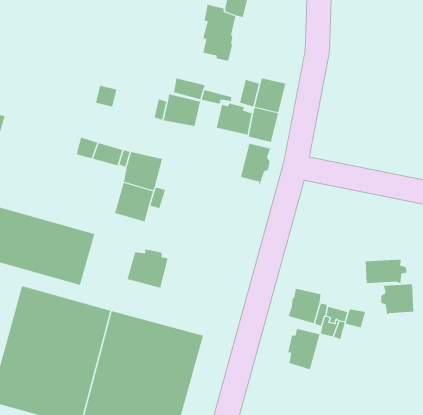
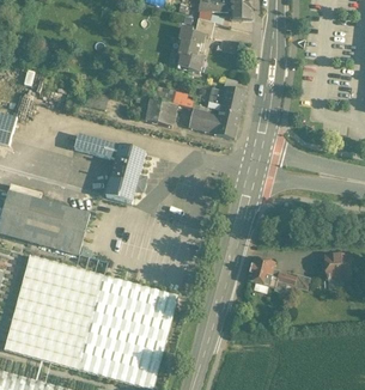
building: [240,143,271,186] -> none
building: [127,249,168,288] -> none
building: [365,259,407,285] -> none
building: [288,328,320,370] -> none

